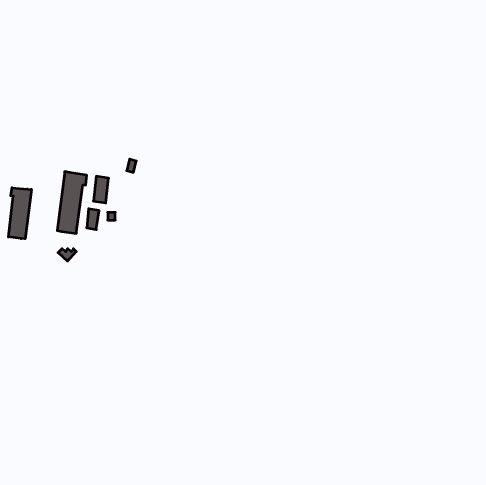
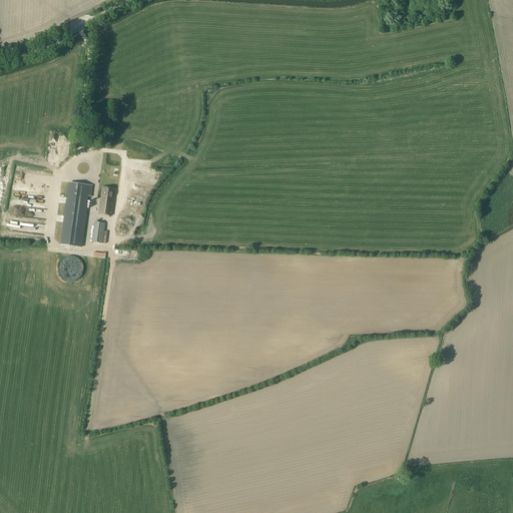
building: [8,188,31,239] -> none

